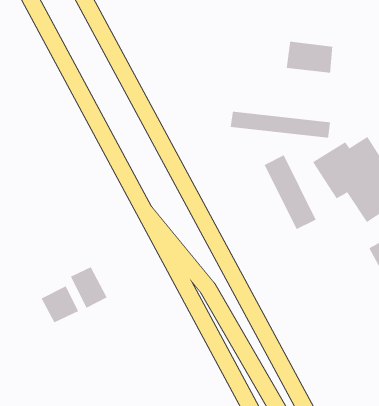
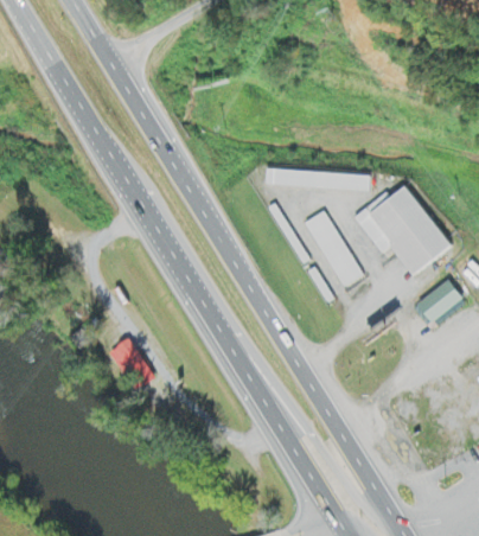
building: [286,41,333,74] -> none
building: [41,286,79,323] -> none

